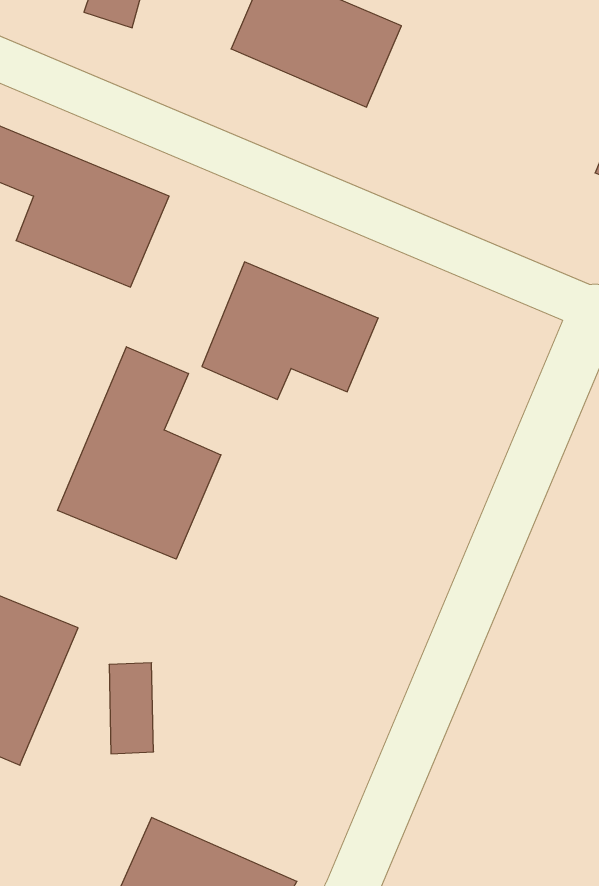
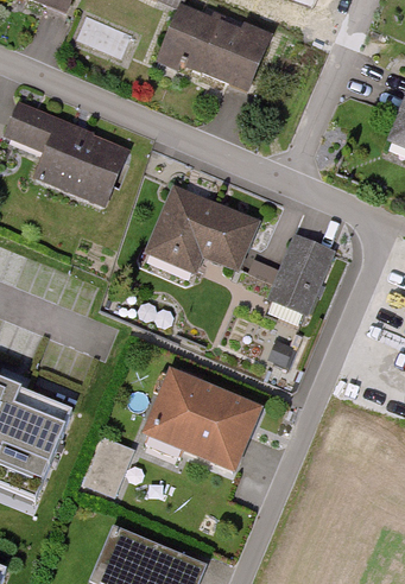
building: none -> [270,236,333,310]
building: [58,347,221,559] -> none
building: none -> [146,373,259,469]

